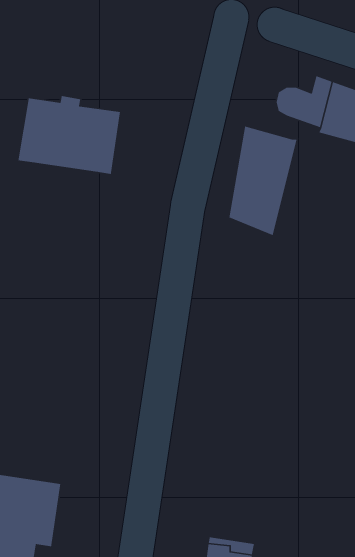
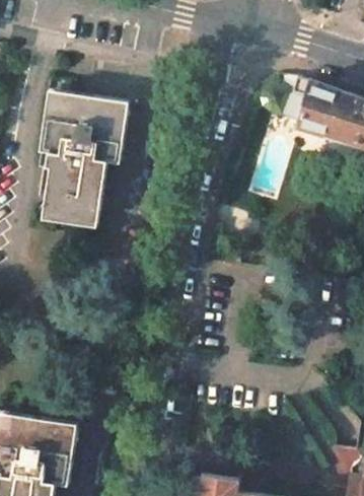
building: [228,126,297,236] -> none
building: none -> [43,153,107,219]

